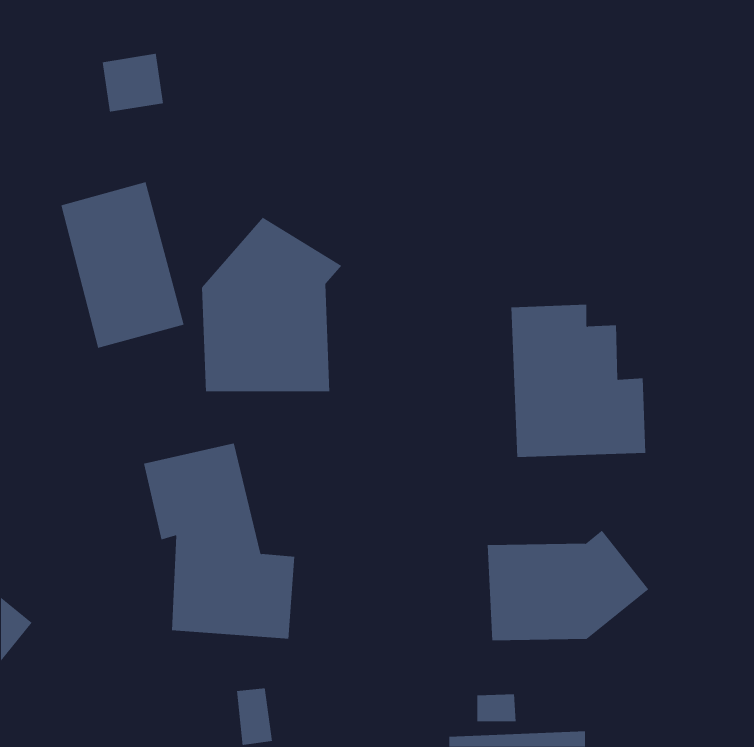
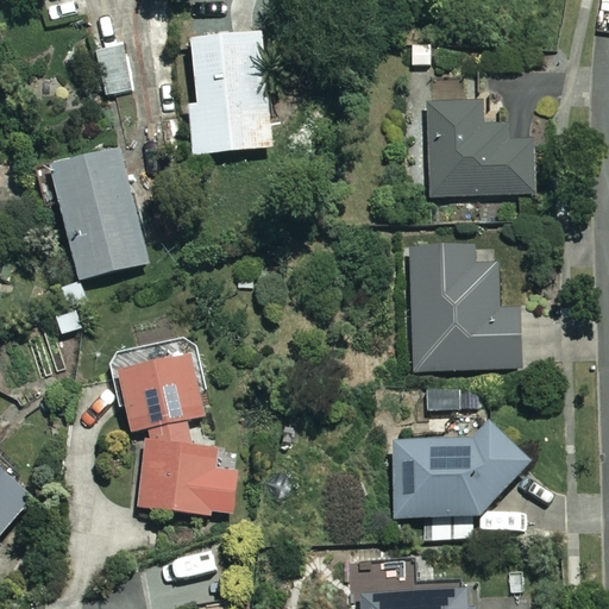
building: none -> [192,38,260,151]
building: none -> [429,73,538,193]
building: [202,217,342,392] -> none

